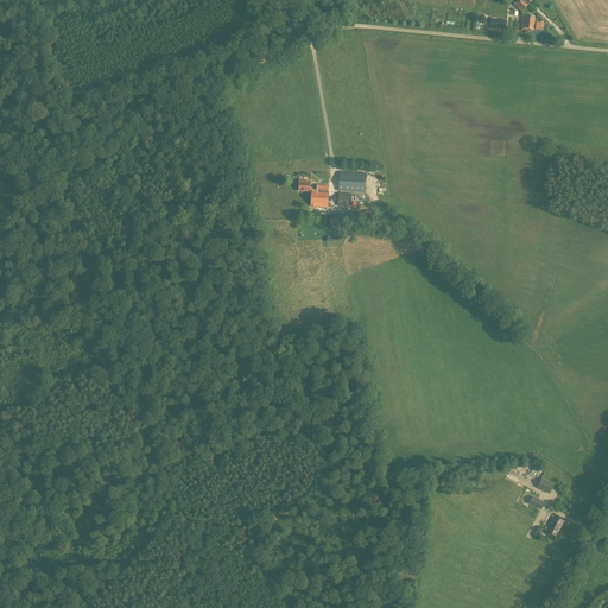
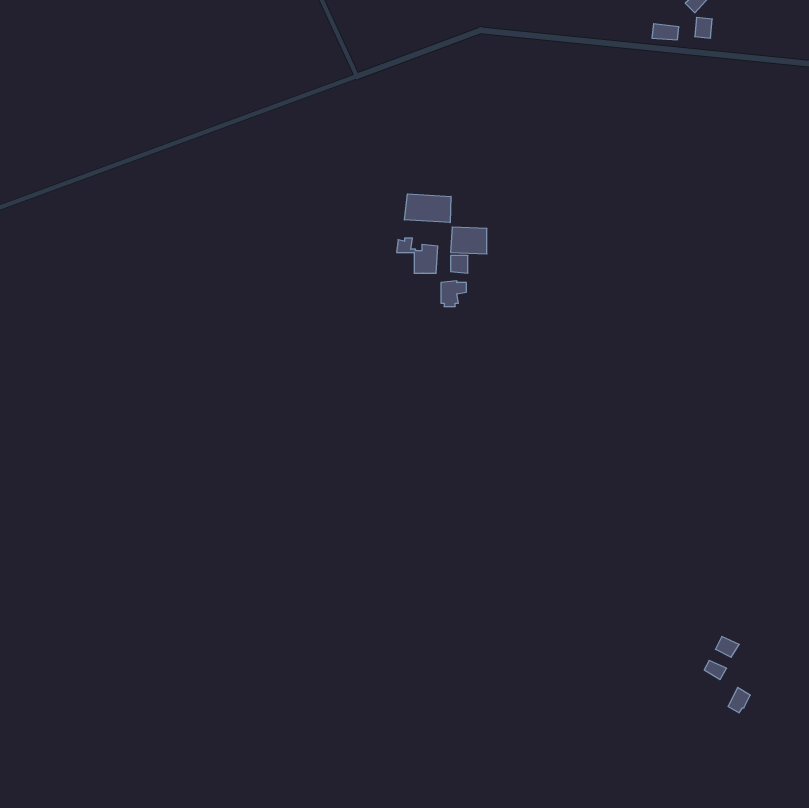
building: none -> [404,194,451,223]

